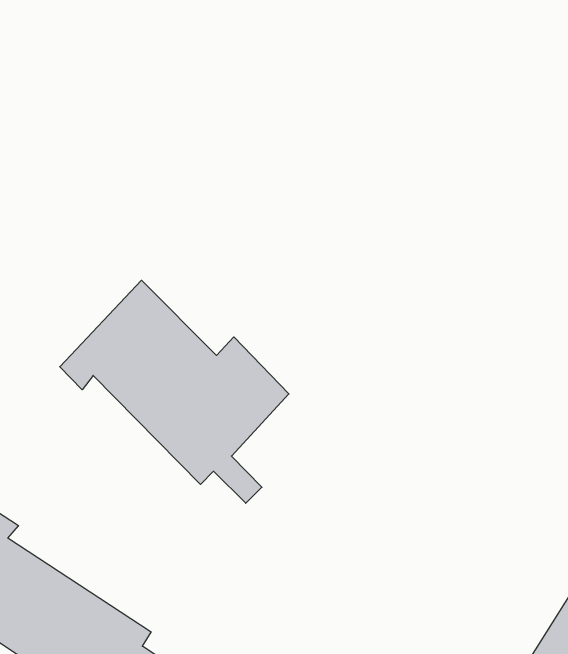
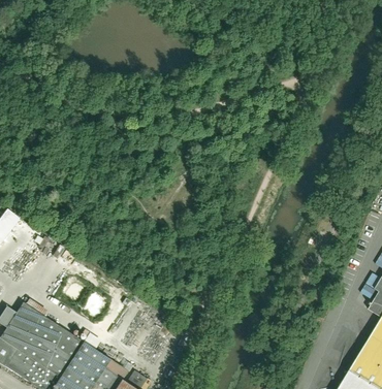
building: [60,280,289,503] -> none

